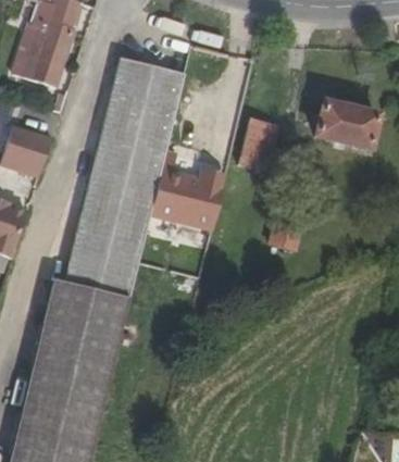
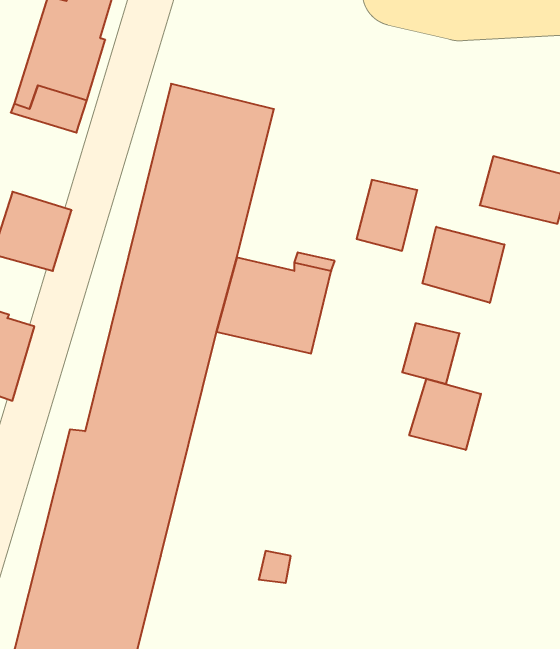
building: none -> [422,227,504,303]
building: none -> [409,379,481,450]

